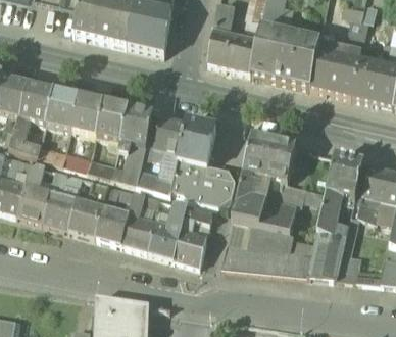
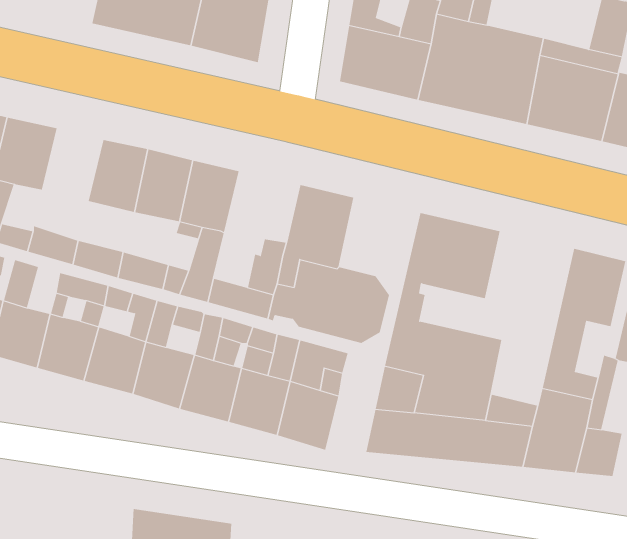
building: [46,90,79,130] -> none
building: [151,114,186,159] -> none
building: [251,175,307,206] -> none

